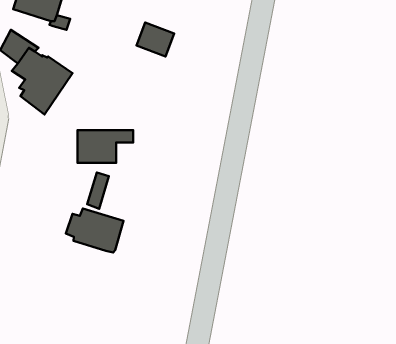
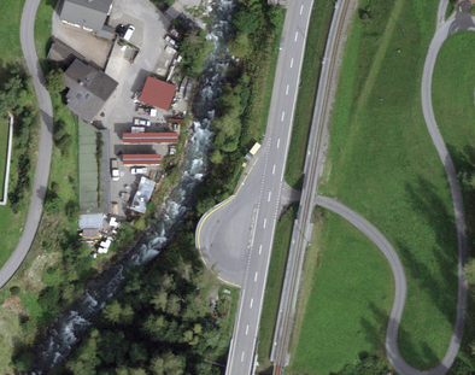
building: [137,23,174,56] -> [137,75,175,109]
building: [66,208,124,253] -> none

